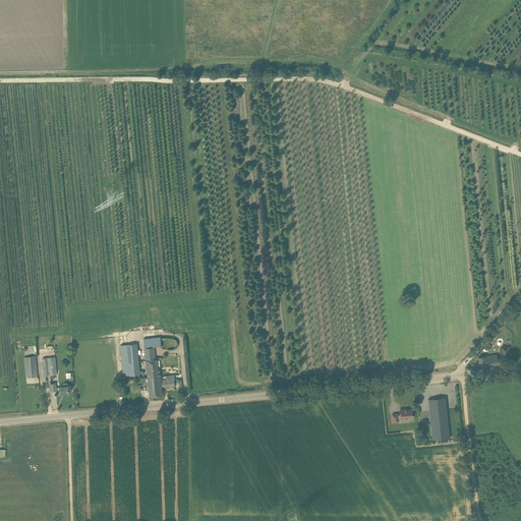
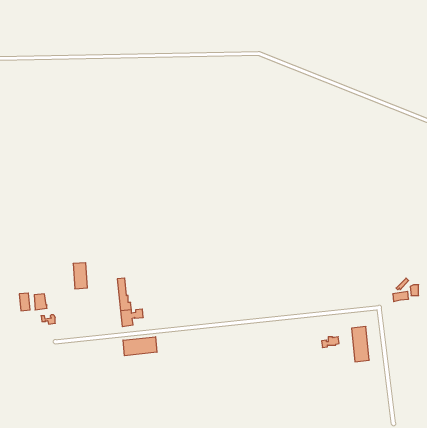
building: [121,344,138,375] -> [73,263,87,289]
building: none -> [123,337,157,356]

